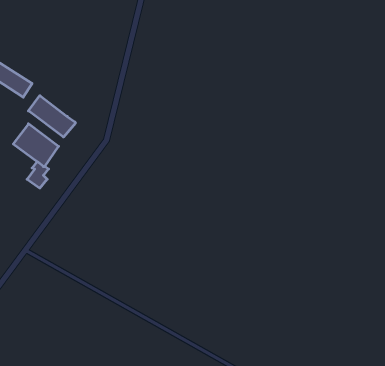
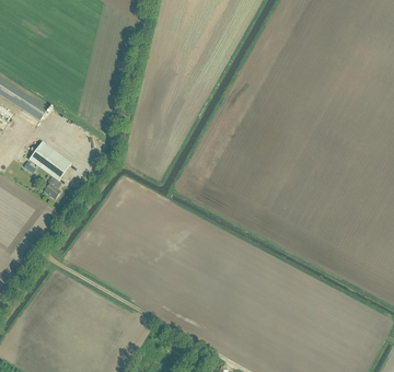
building: [28,96,75,137] -> none

